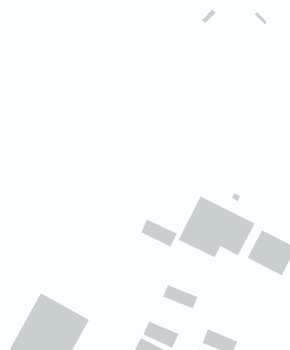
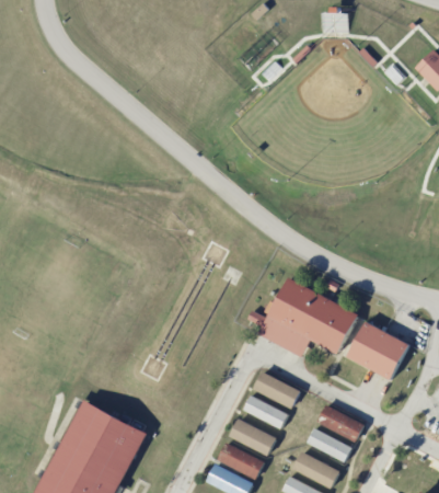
building: [141,219,178,247] -> [251,368,298,404]
building: none -> [313,401,361,438]
building: none -> [227,415,274,451]
building: none -> [303,424,348,458]

